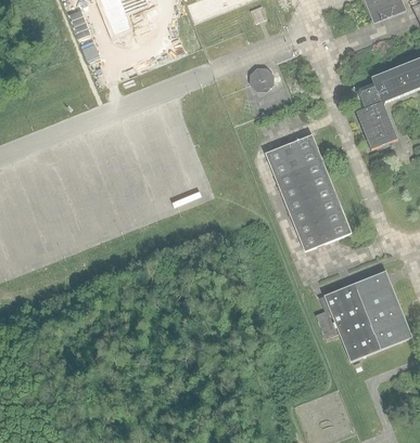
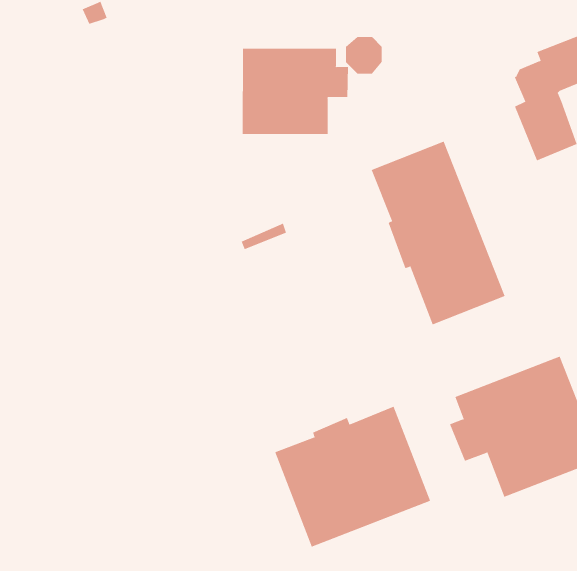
building: none -> [242,48,348,135]
building: none -> [275,406,431,547]

